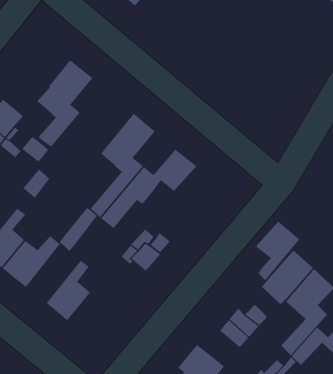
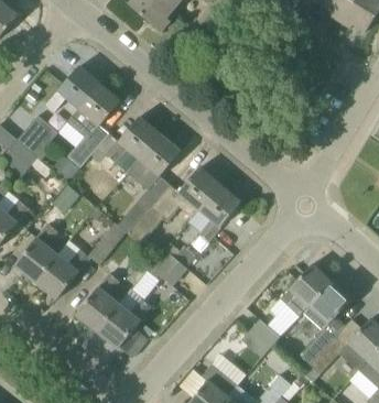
building: none -> [45,66,98,111]
building: none -> [89,117,159,172]
building: [255,221,300,281] -> [197,184,240,241]
building: none -> [96,298,151,348]

